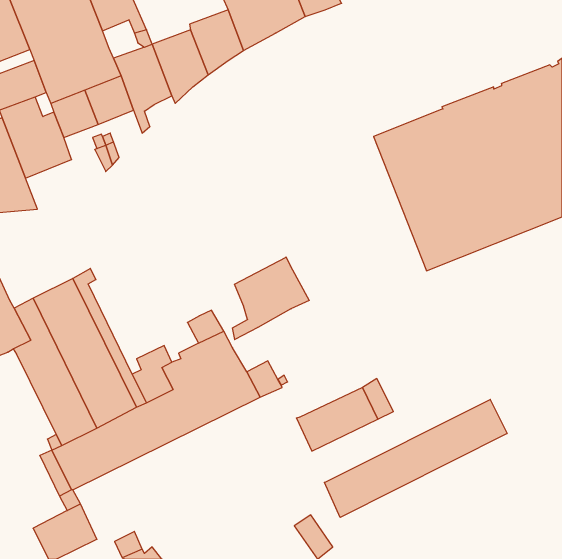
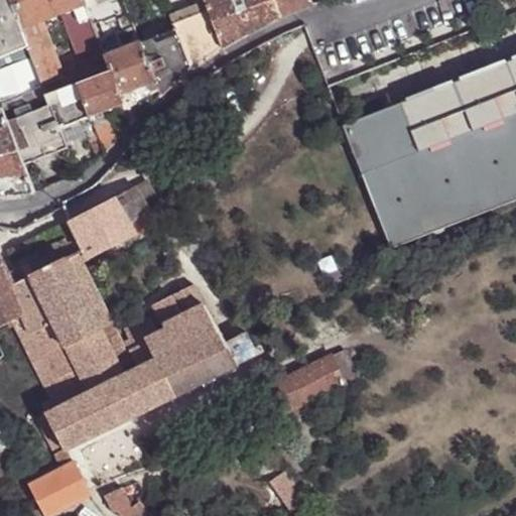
building: none -> [69,184,148,256]
building: [233,257,309,340] -> none
building: [324,399,507,517] -> none

